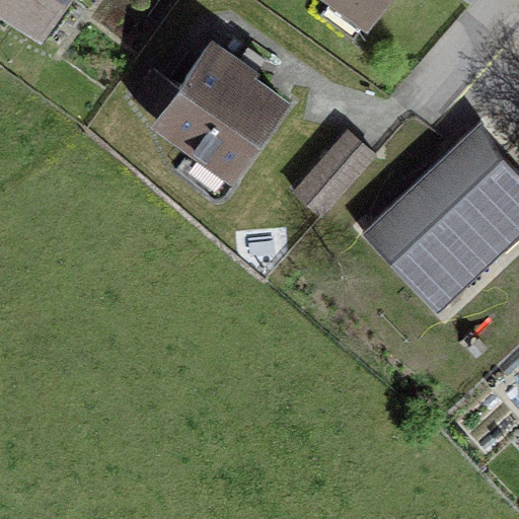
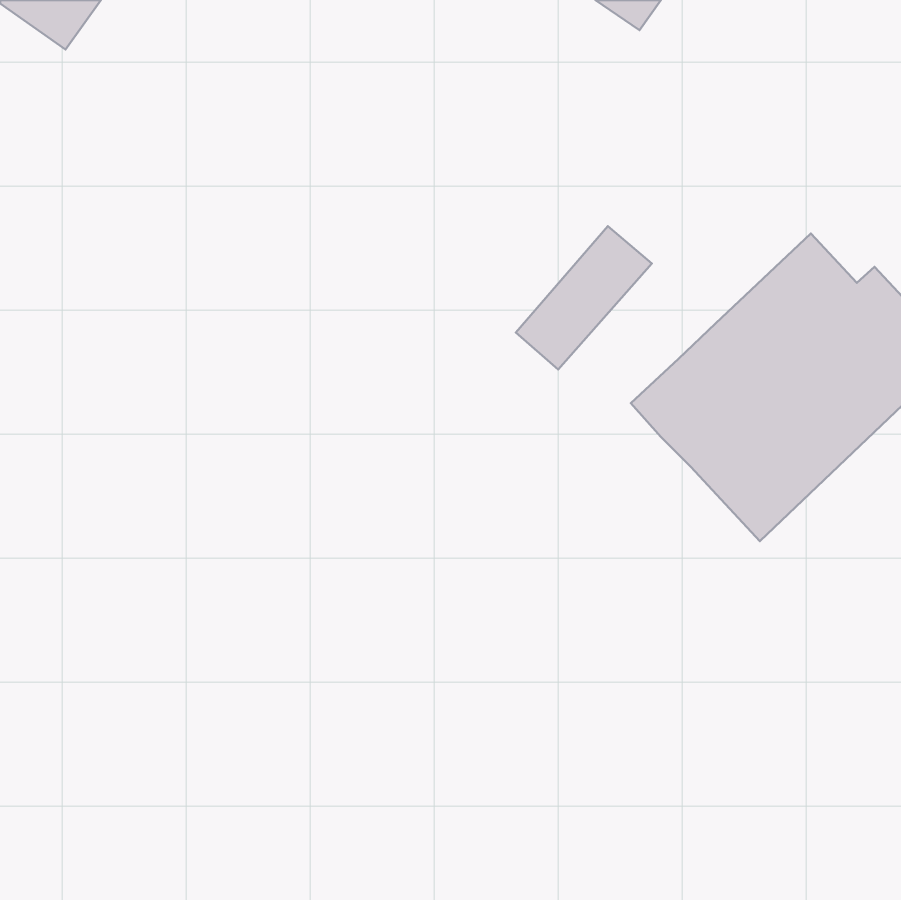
building: [133,44,285,172] -> none

